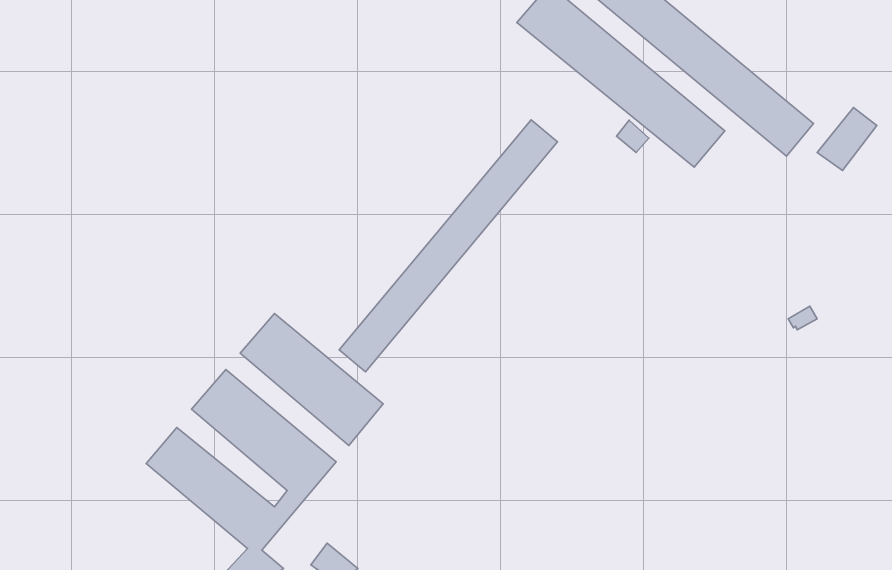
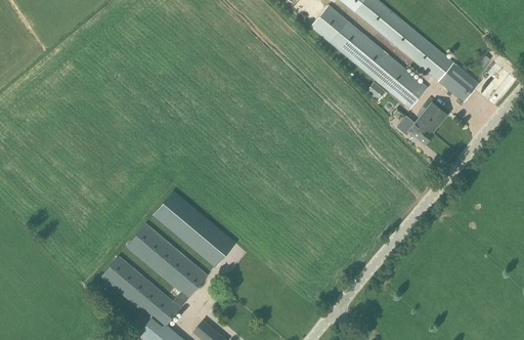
building: [339,120,558,372] -> none
building: none -> [397,101,447,143]

